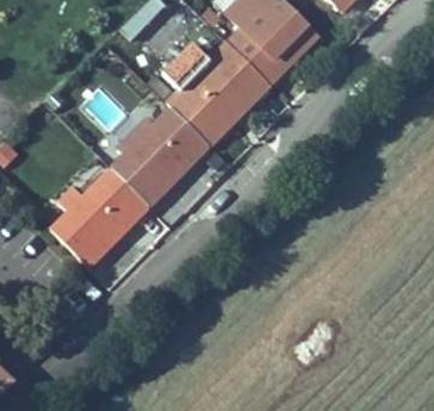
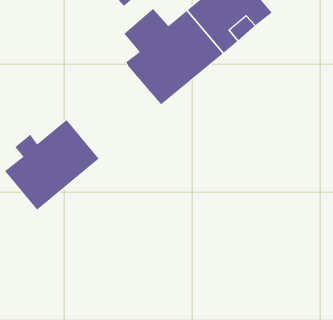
building: [113,106,211,205] -> none

